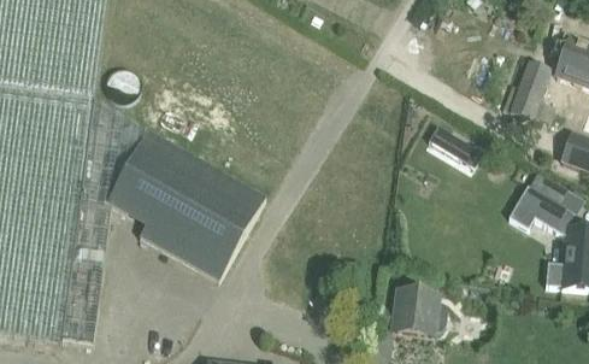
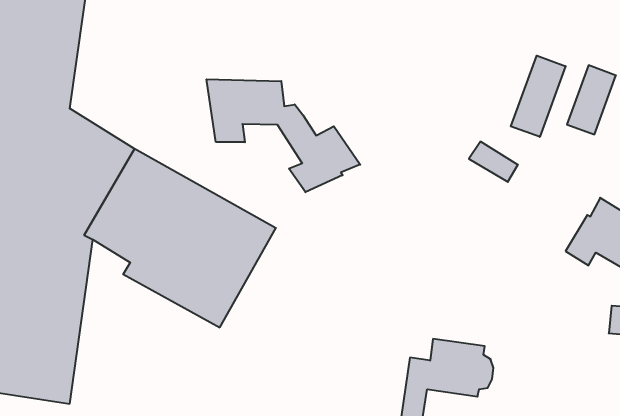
building: none -> [511,56,566,137]
building: none -> [207,79,360,192]

